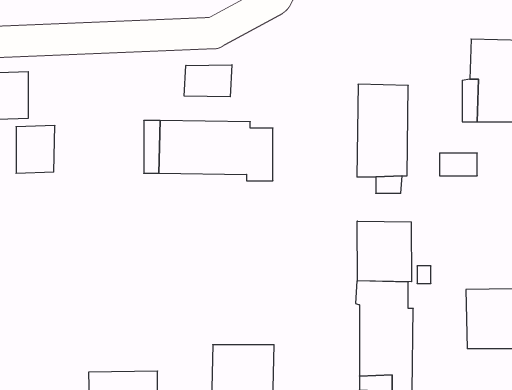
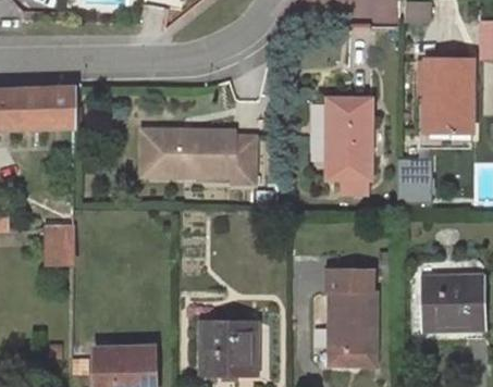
building: [184,65,232,97] -> none
building: [16,126,55,173] -> [42,86,76,127]
building: [357,221,412,282] -> none
building: none -> [46,228,74,262]

